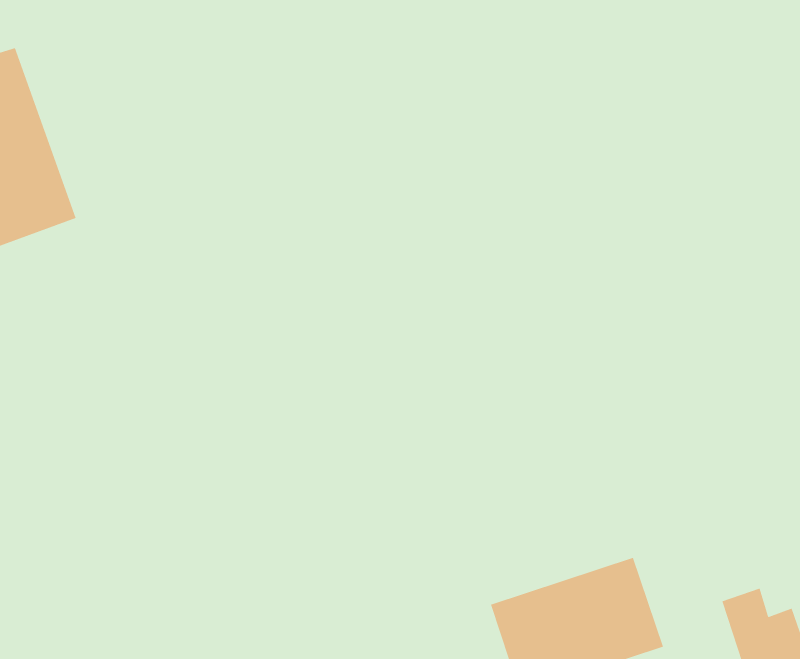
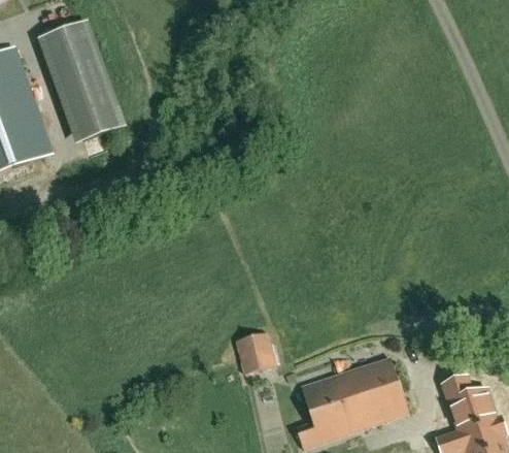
building: none -> [46,22,120,137]
building: none -> [236,333,275,373]

